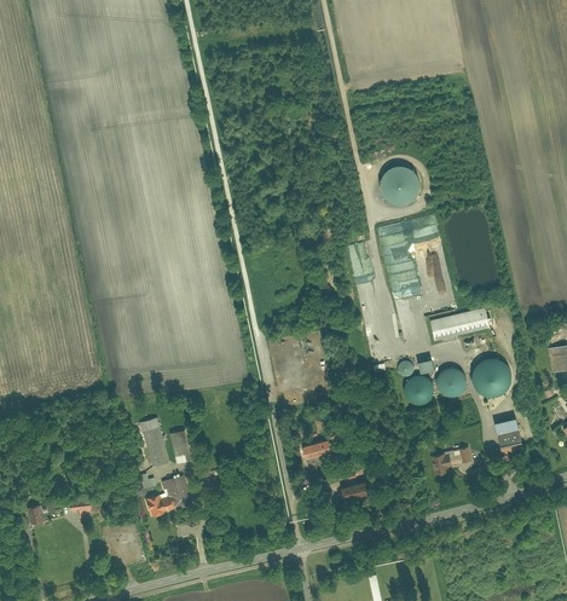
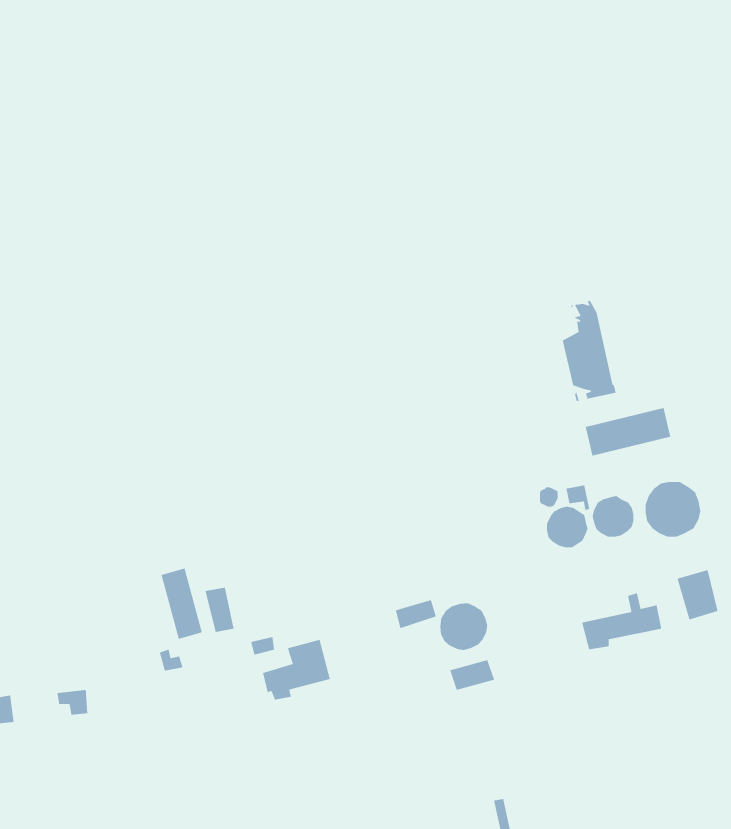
building: [381,167,420,206] -> none
building: none -> [440,602,488,651]
building: [144,476,191,519] -> [262,639,331,701]

